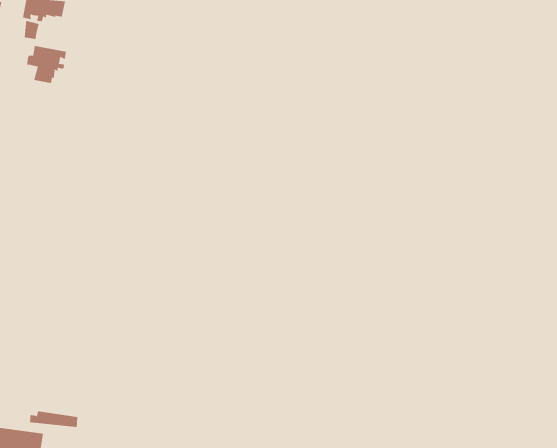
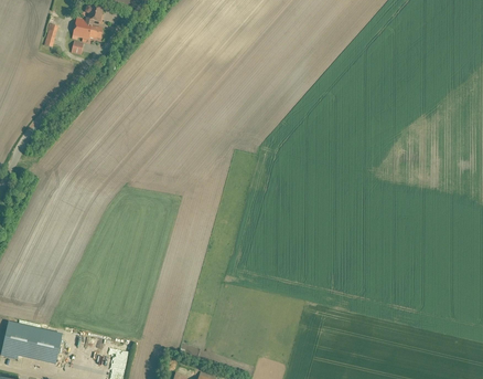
building: [26,45,66,84] -> none

